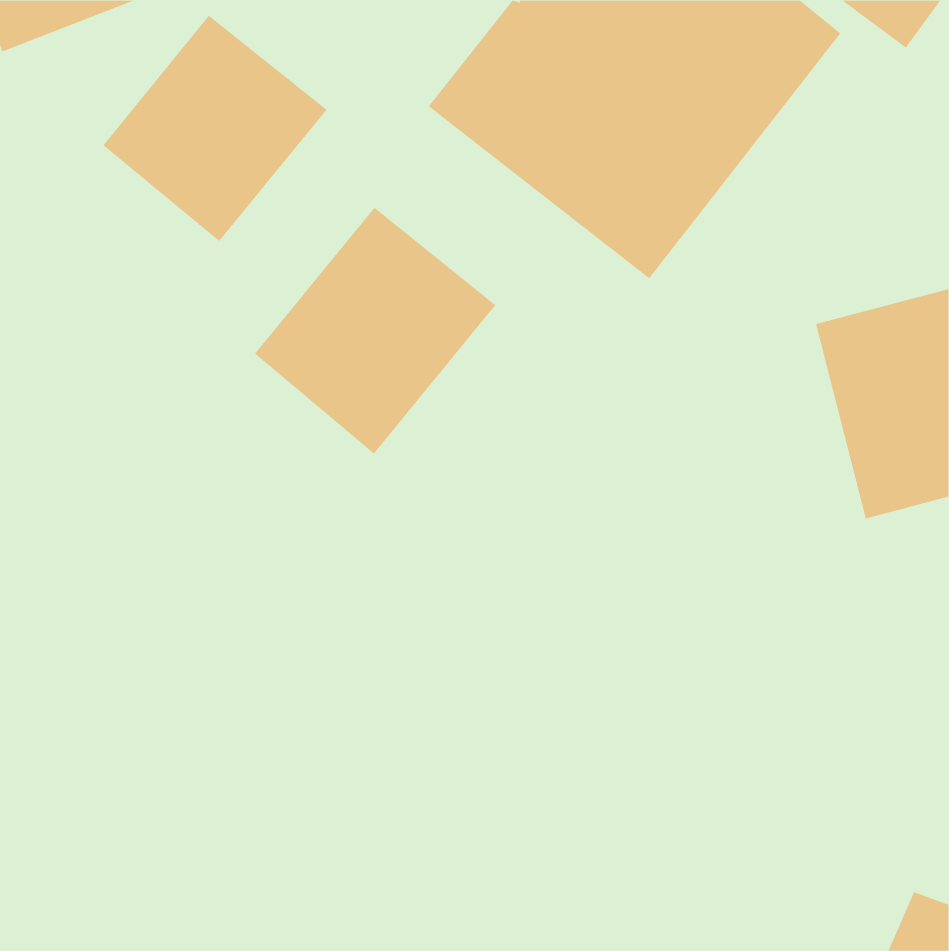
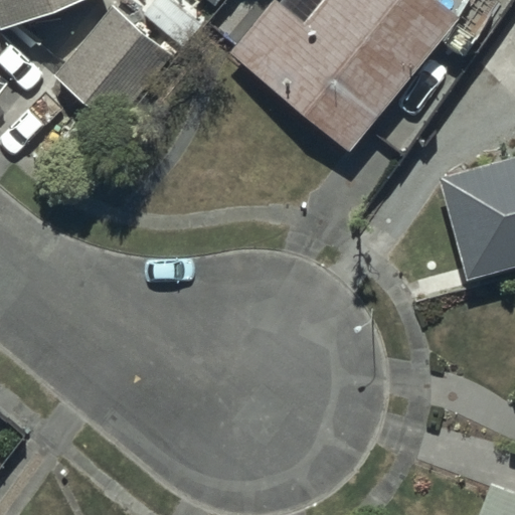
building: [254,207,496,454] -> none

